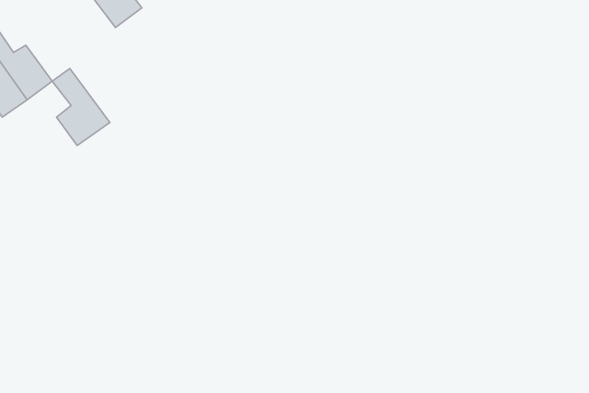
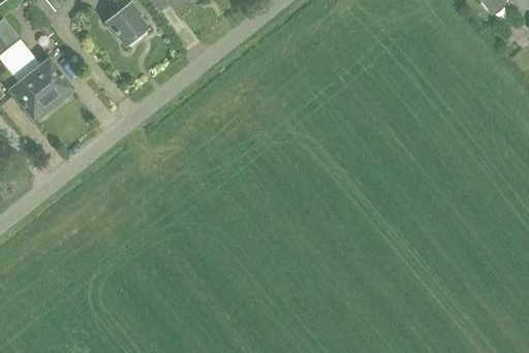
building: [52,68,110,146] -> none

